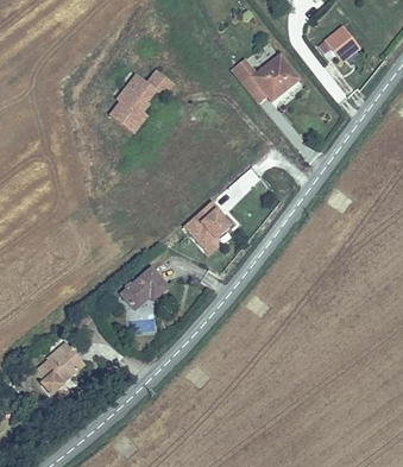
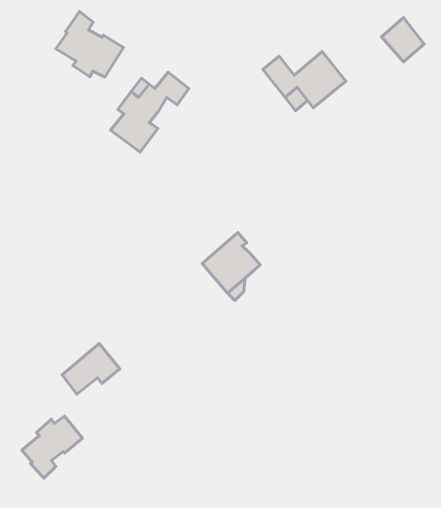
building: none -> [56,11,124,77]
building: [122,269,169,309] -> [62,344,120,394]

